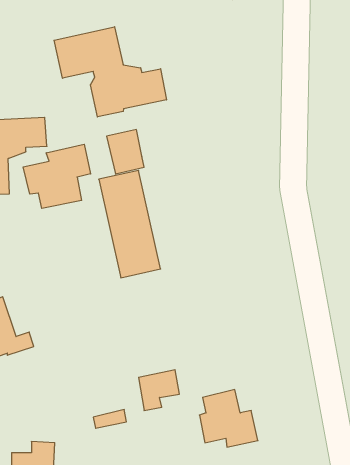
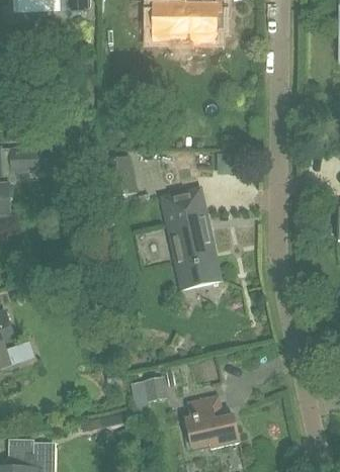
building: [54,27,166,117] -> none
building: [23,144,91,208] -> none
building: [99,170,161,278] -> [162,189,219,287]

